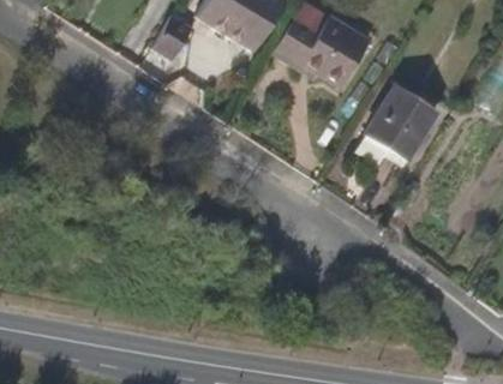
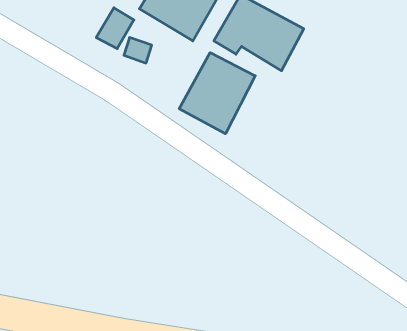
building: none -> [179,53,255,134]
building: [359,80,430,152] -> none

